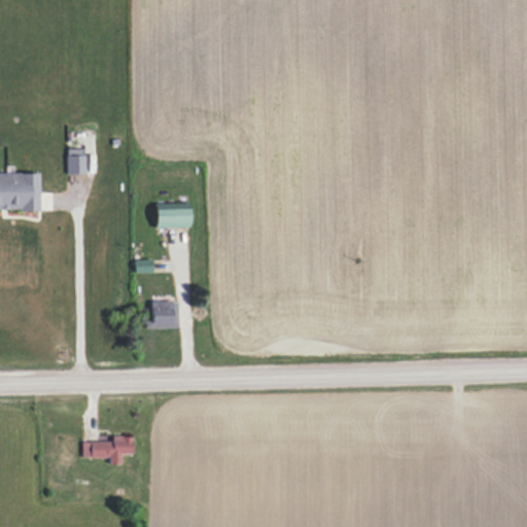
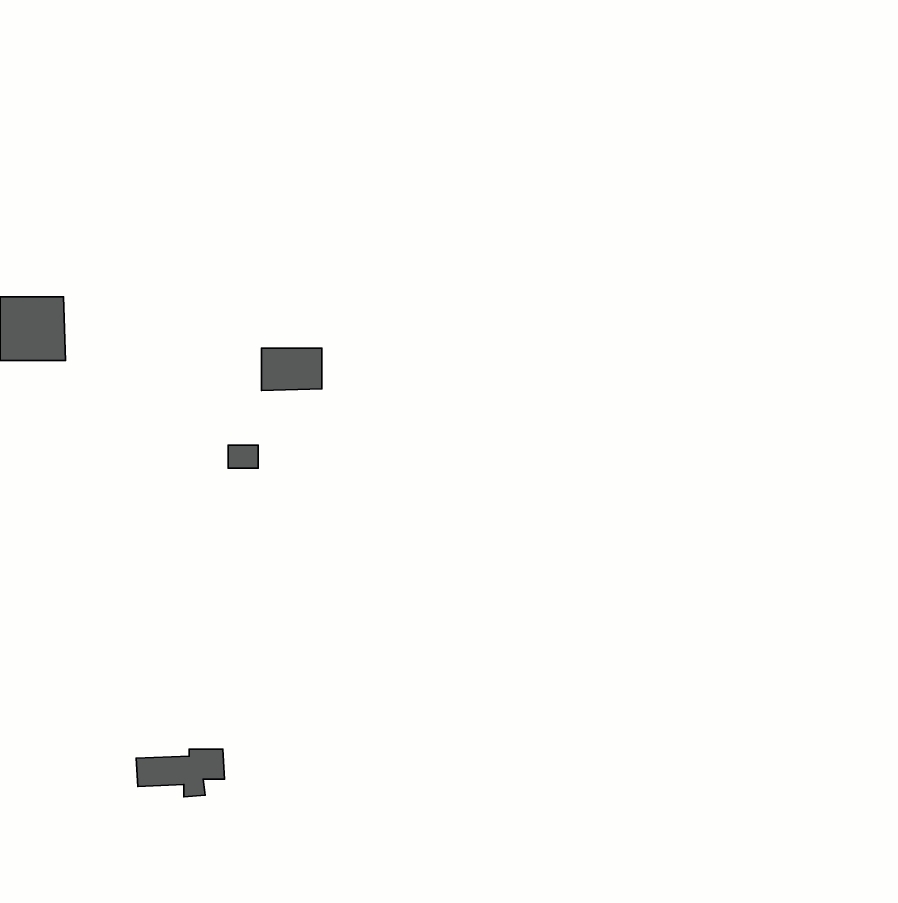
building: [68,148,86,174] -> none
building: [151,301,179,328] -> none

